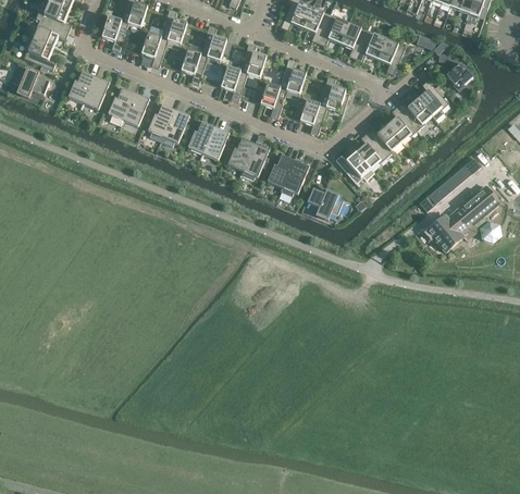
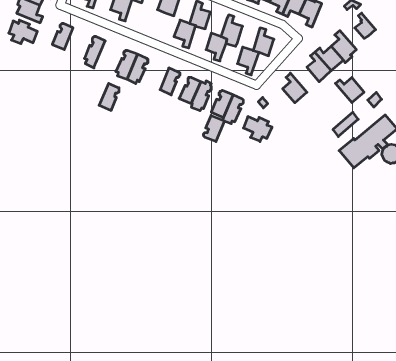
building: [181,50,207,85] -> none
building: [83,76,108,110] -> none
building: [122,92,147,126] -> [99,83,119,110]
building: [187,121,213,153] -> none
building: [366,125,401,157] -> [335,77,364,103]
building: [335,152,373,183] -> none
building: none -> [204,115,225,142]

